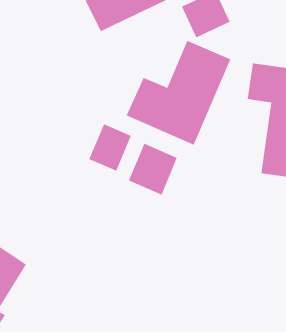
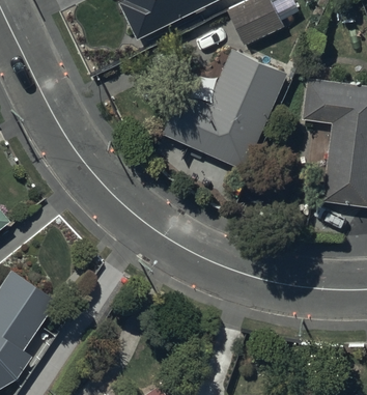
building: [89,123,131,171] -> none
building: [128,143,178,195] -> none

